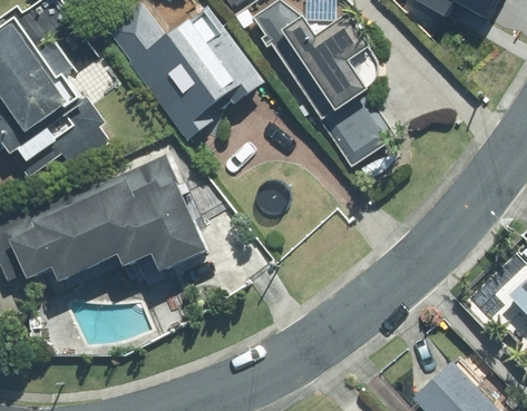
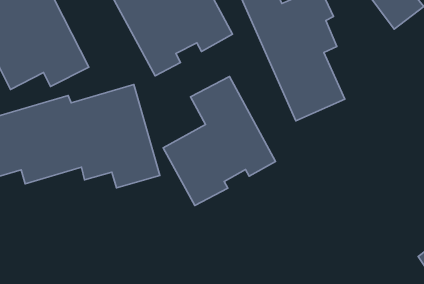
building: none -> [163,76,275,205]

